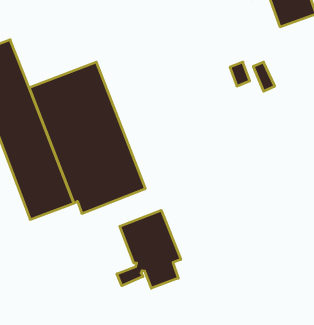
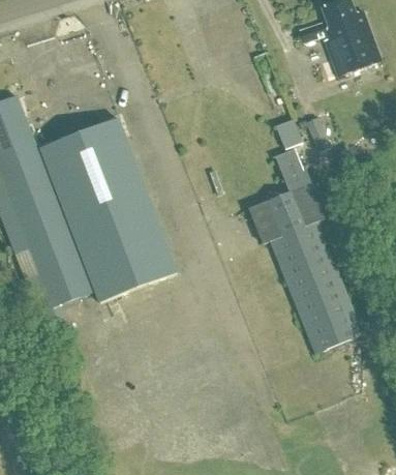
building: none -> [249,144,363,353]
building: [117,210,181,288] -> none

